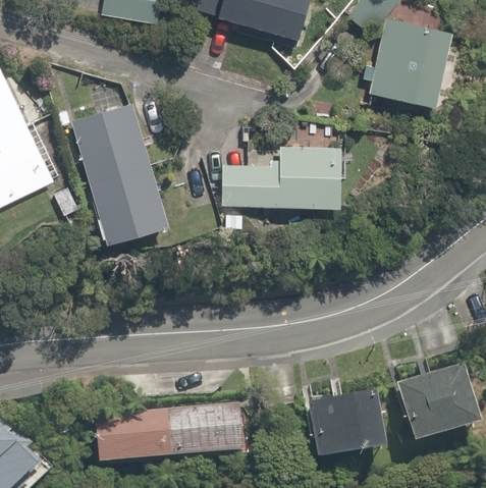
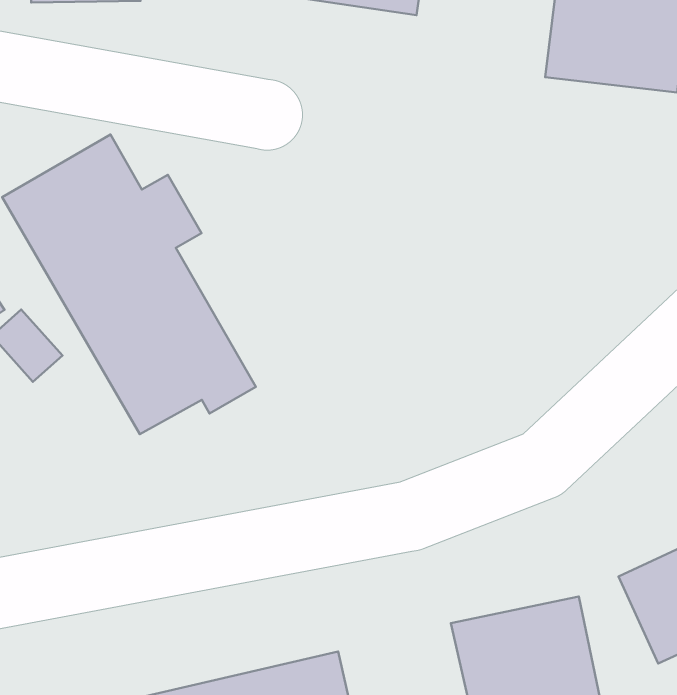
building: [220,152,361,219] -> none

